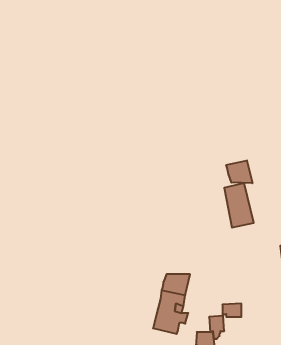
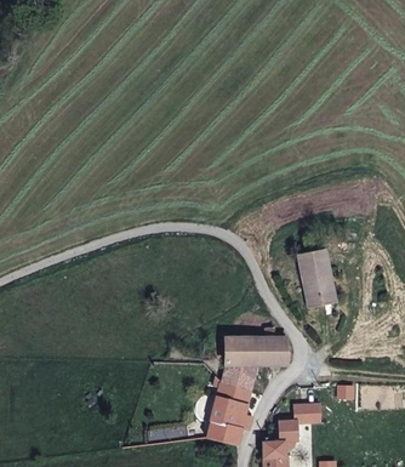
building: [226,160,252,183] -> none
building: none -> [223,337,286,366]

